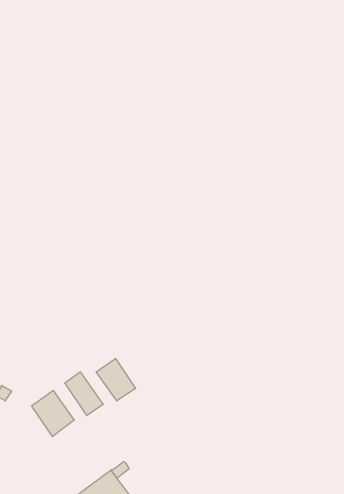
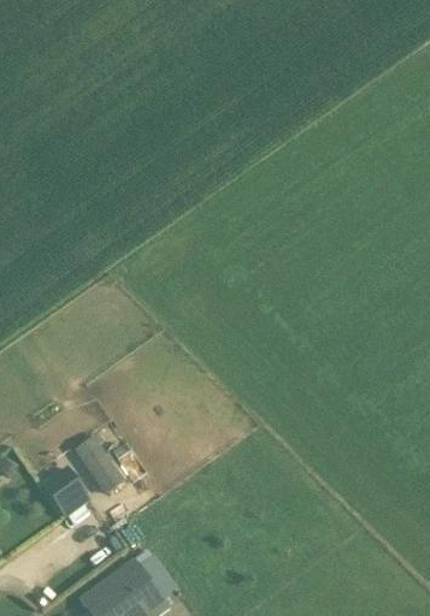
building: [96,358,136,401] -> none

